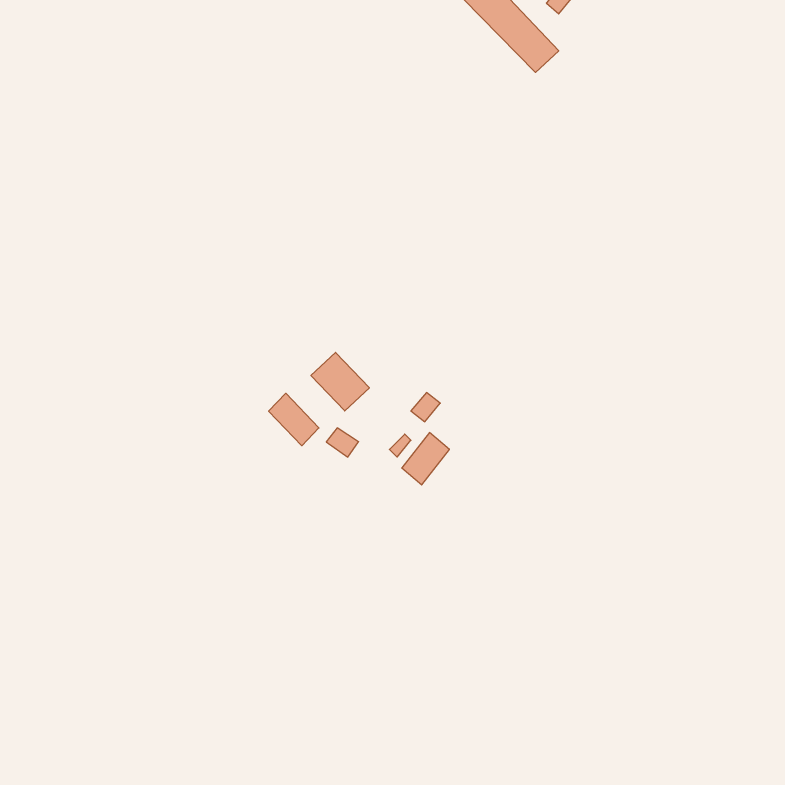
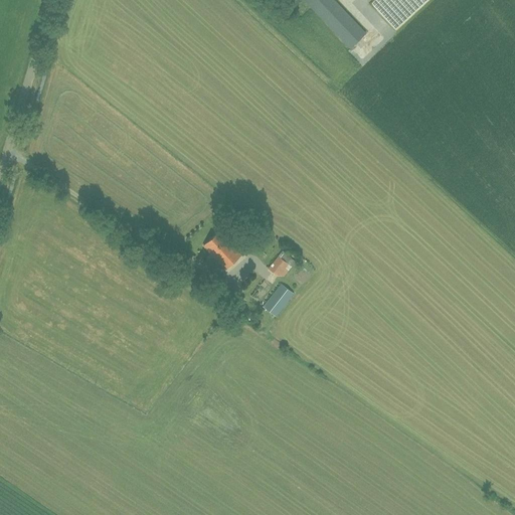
building: [269,393,319,446] -> none

